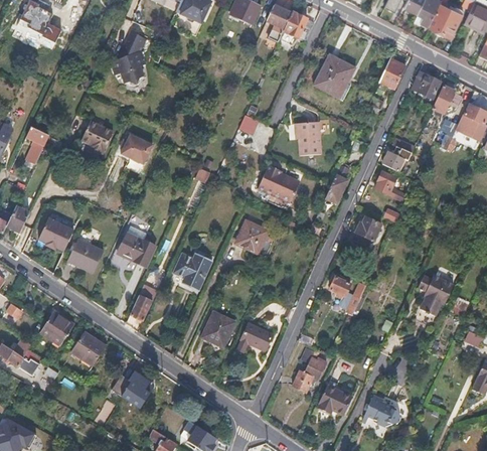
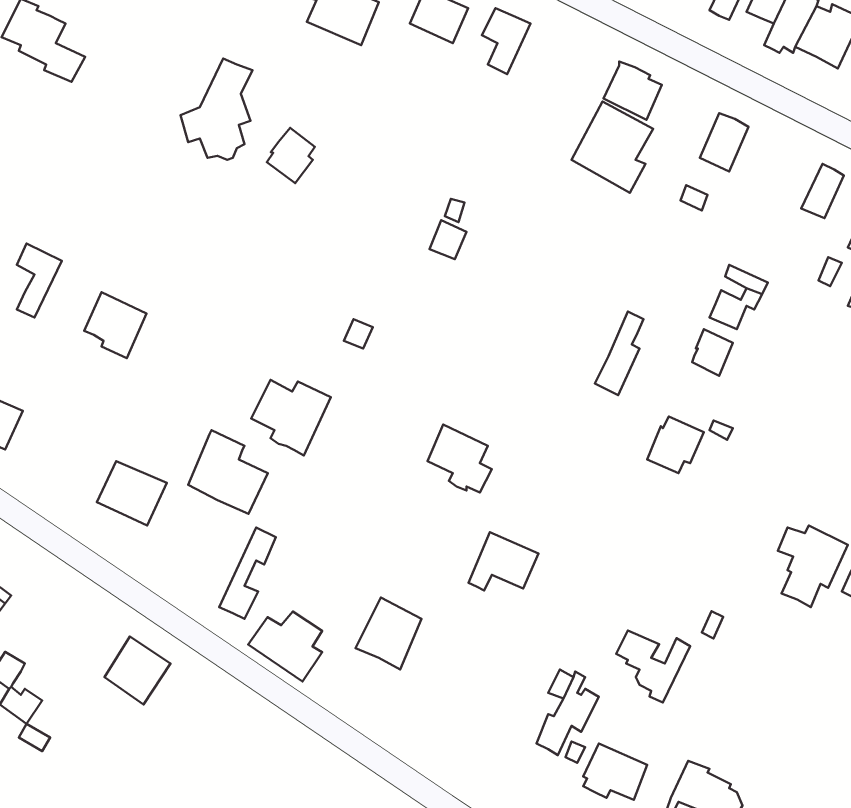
building: [284,11,314,41] -> [604,61,662,120]
building: none -> [267,128,315,183]
building: [412,71,440,98] -> none
building: [80,120,113,154] -> [84,292,146,358]
building: [295,122,321,156] -> none
building: [121,134,153,164] -> none
building: [258,166,301,204] -> none
building: [39,218,74,251] -> none
building: [173,253,214,292] -> [251,380,331,456]
building: [329,278,367,315] -> [616,631,690,702]
building: [39,313,73,345] -> none
building: [237,322,274,352] -> [469,532,539,591]
building: [111,370,149,407] -> [248,611,322,681]

